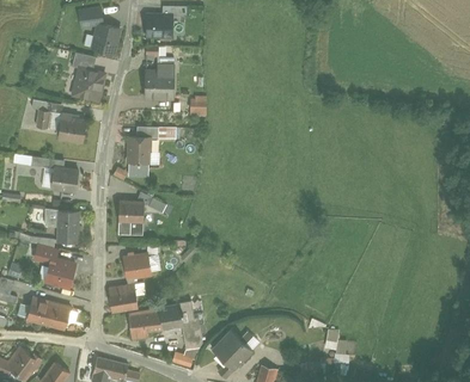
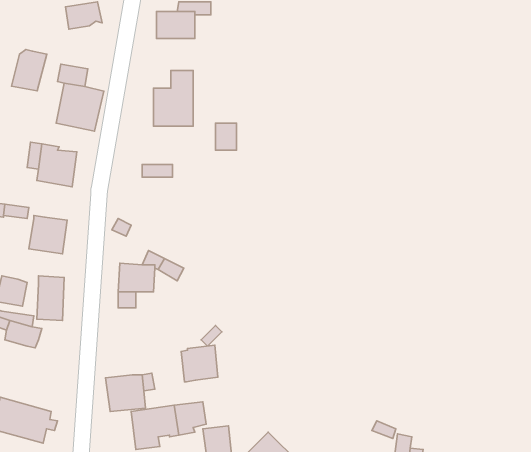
building: [90,19,116,50] -> [12,50,47,91]
building: [127,136,146,164] -> none
building: [123,252,151,279] -> [181,345,218,382]
building: [43,258,77,290] -> none

